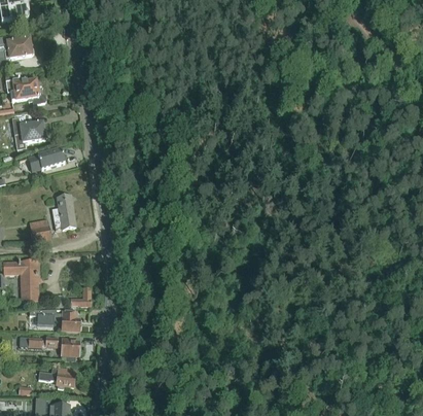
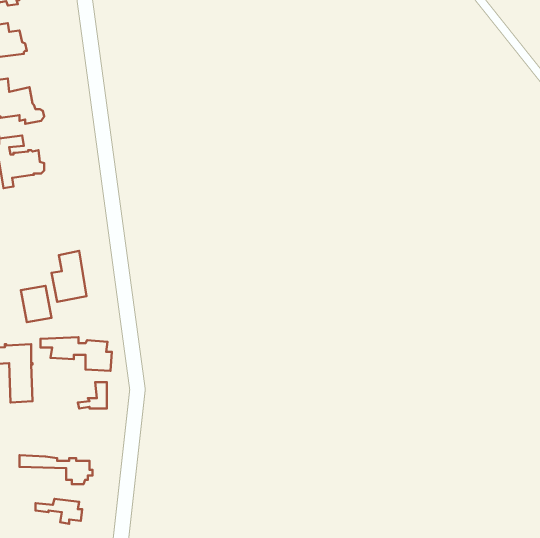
building: [28,147,65,171] -> none
building: [30,308,80,332] -> [40,337,112,371]

